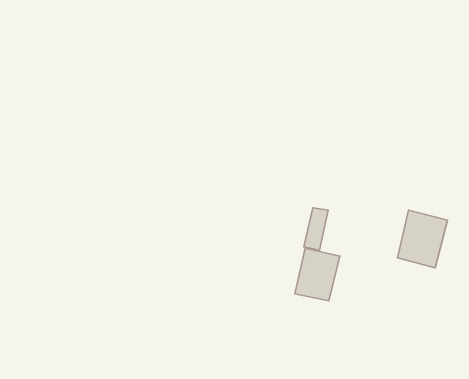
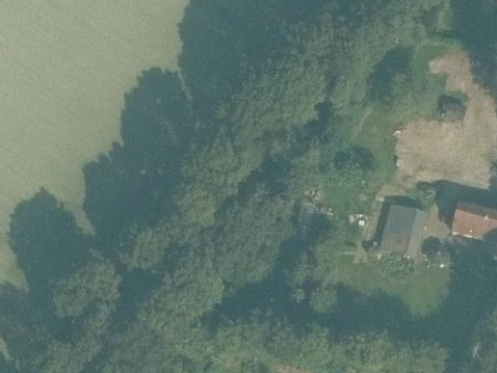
building: [295,248,340,301] -> none

